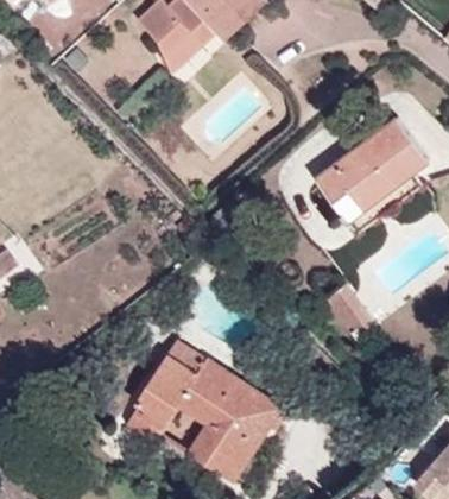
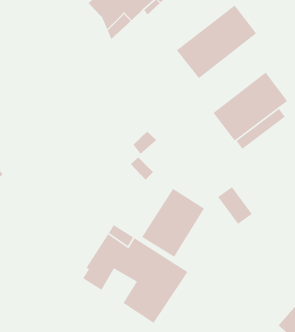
building: none -> [176,5,257,79]
building: none -> [141,188,205,258]

